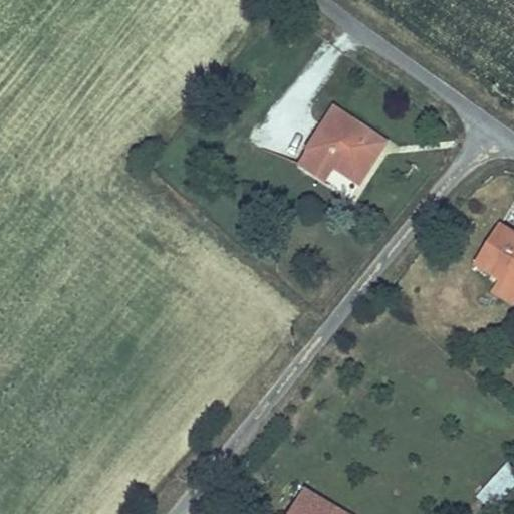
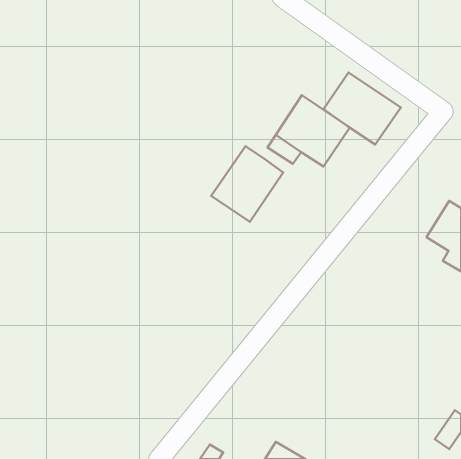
building: none -> [324,72,401,145]
building: none -> [211,146,283,222]

